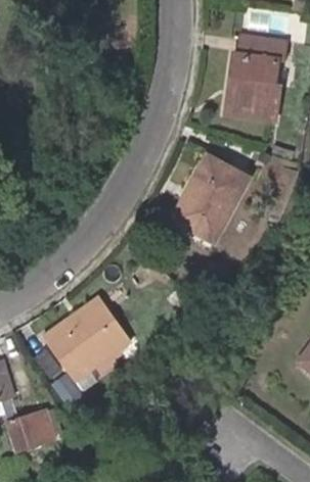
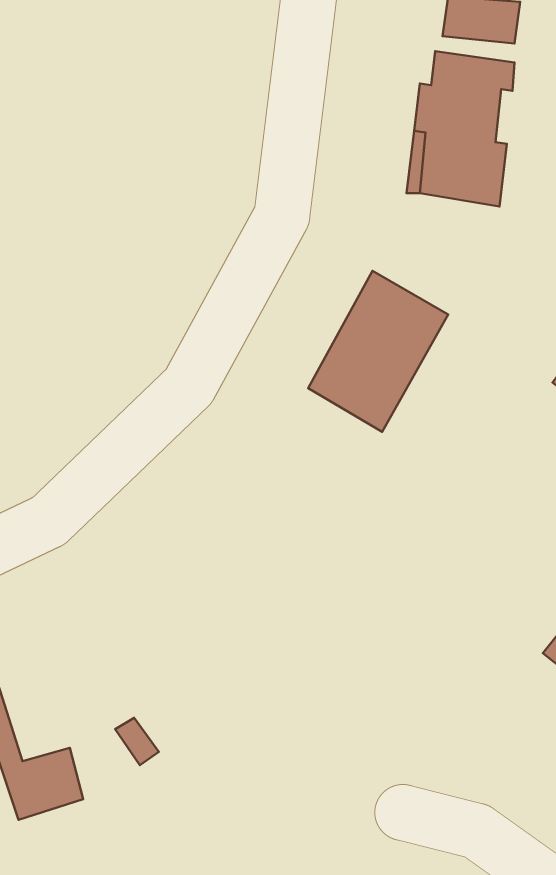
building: [44,297,129,391] -> none

